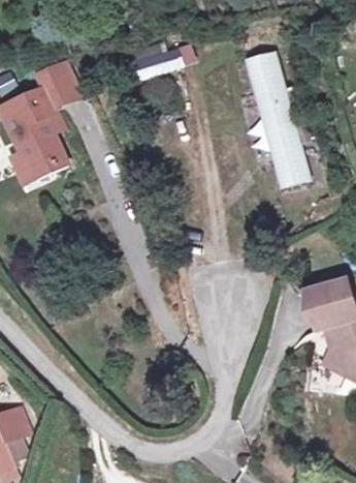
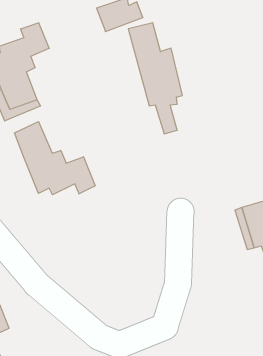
building: [246,61,310,192] -> [128,23,182,134]
building: none -> [14,122,95,195]

